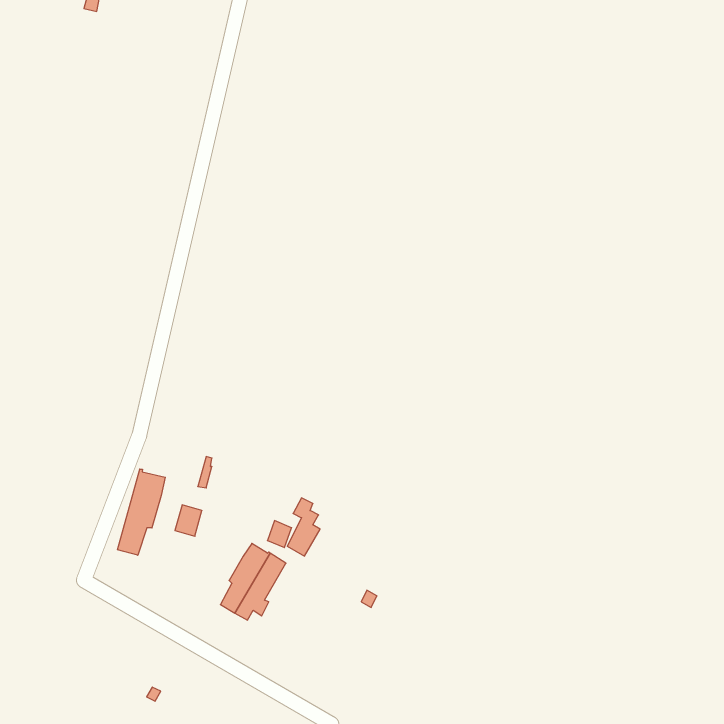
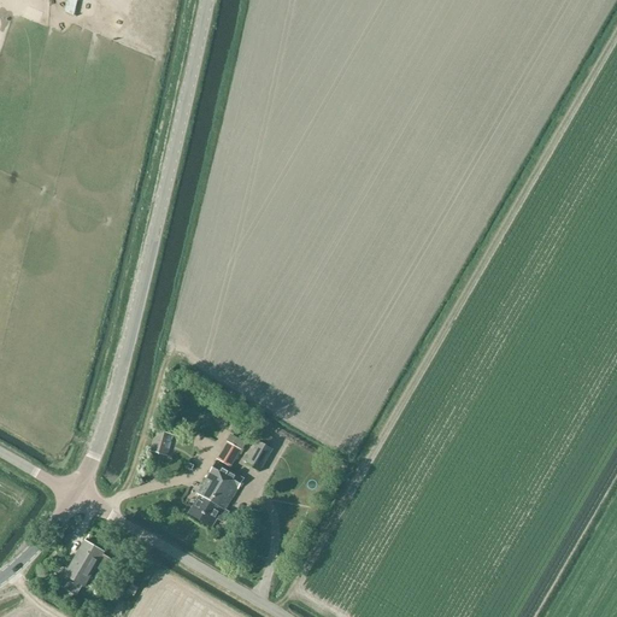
building: [117,469,165,555] -> none
building: none -> [57,539,114,594]

